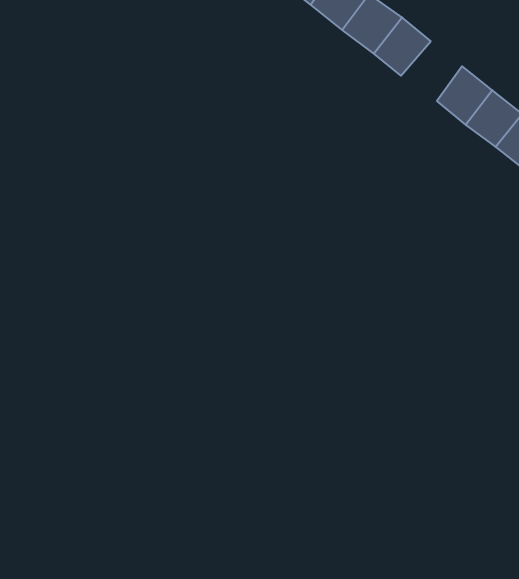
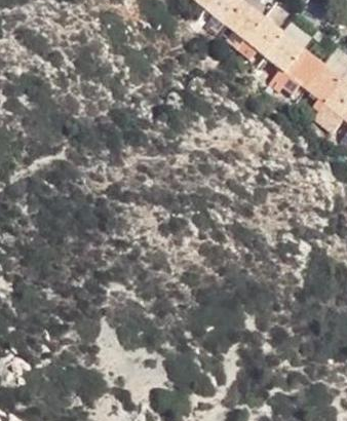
building: none -> [262,31,302,70]

